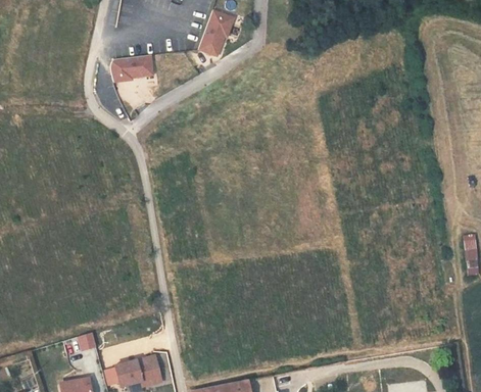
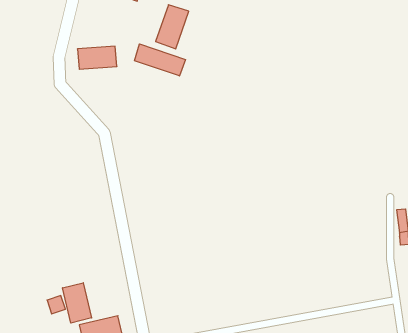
building: none -> [134,44,186,76]
building: none -> [63,283,92,323]

